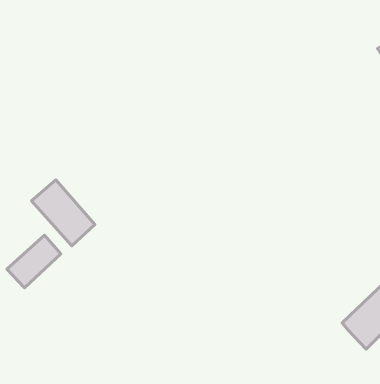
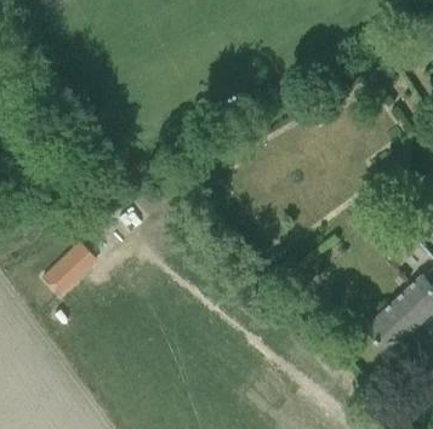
building: [31,180,95,246] -> none

